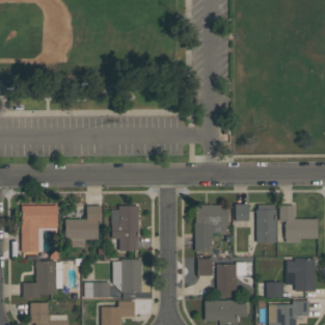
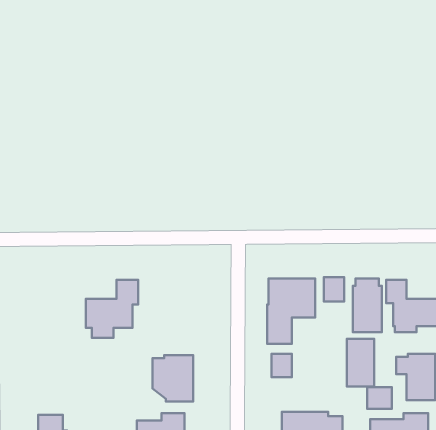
building: [22,206,58,252] -> none
building: [112,206,139,250] -> none
building: [24,261,64,298] -> none
building: [217,264,237,298] -> [347,339,374,387]
building: [85,282,110,298] -> none

